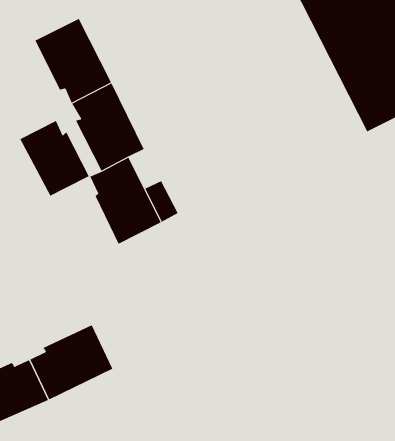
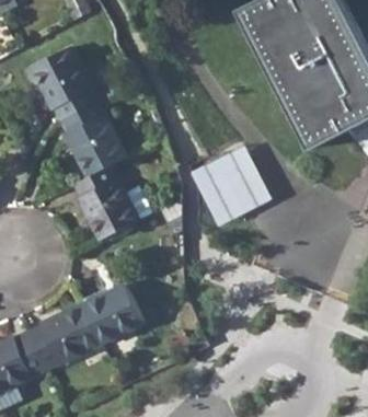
building: [19,120,90,197] -> none
building: none -> [194,148,276,230]
building: none -> [80,288,141,346]

